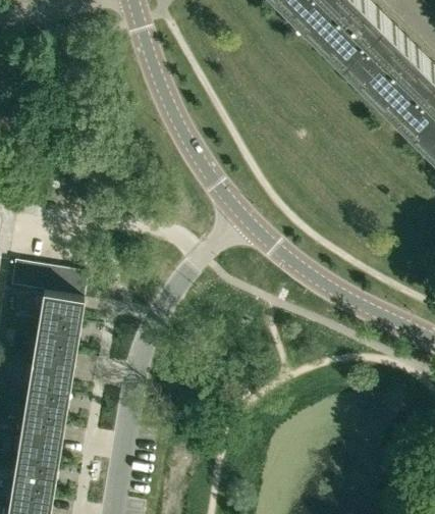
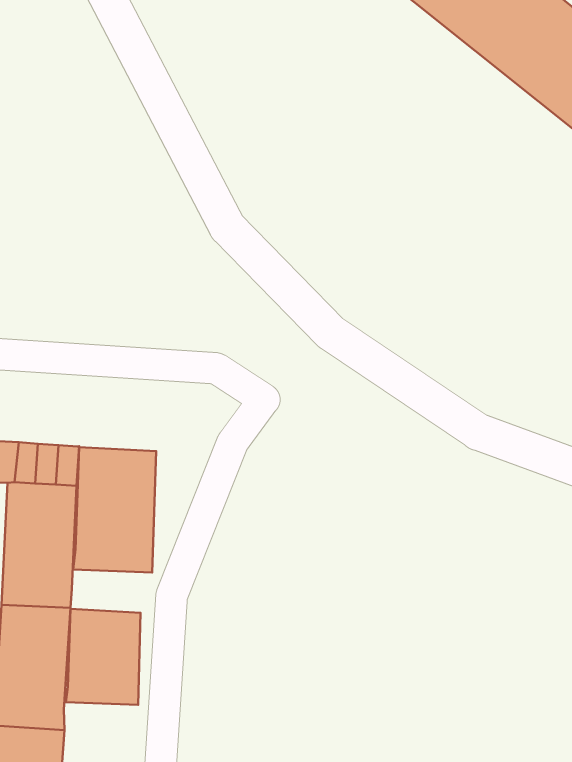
building: none -> [73,447,156,572]
building: none -> [66,609,141,705]

